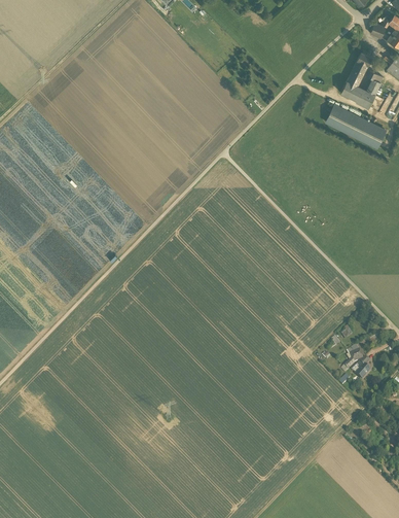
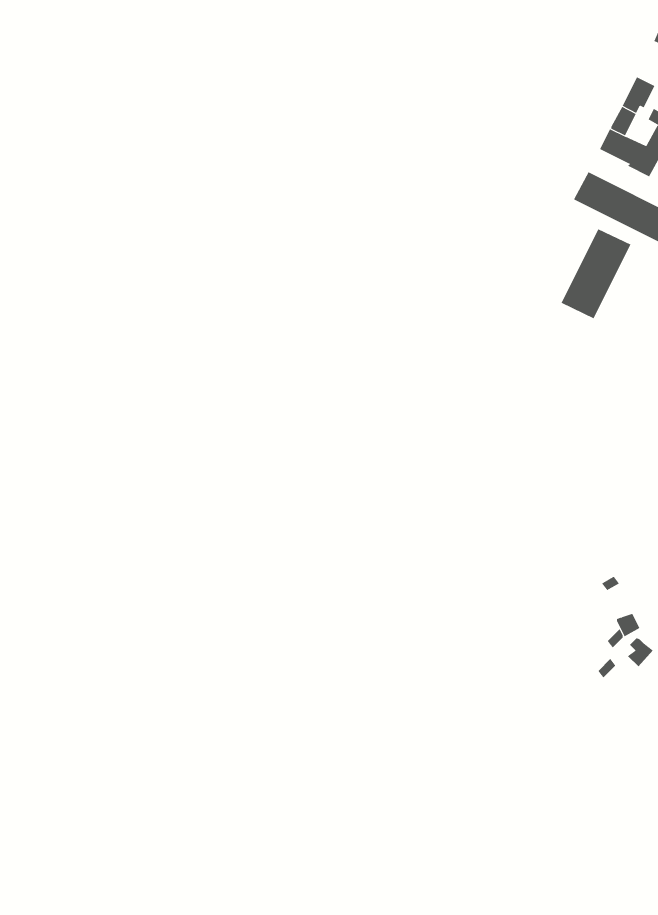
building: none -> [561,228,631,319]

